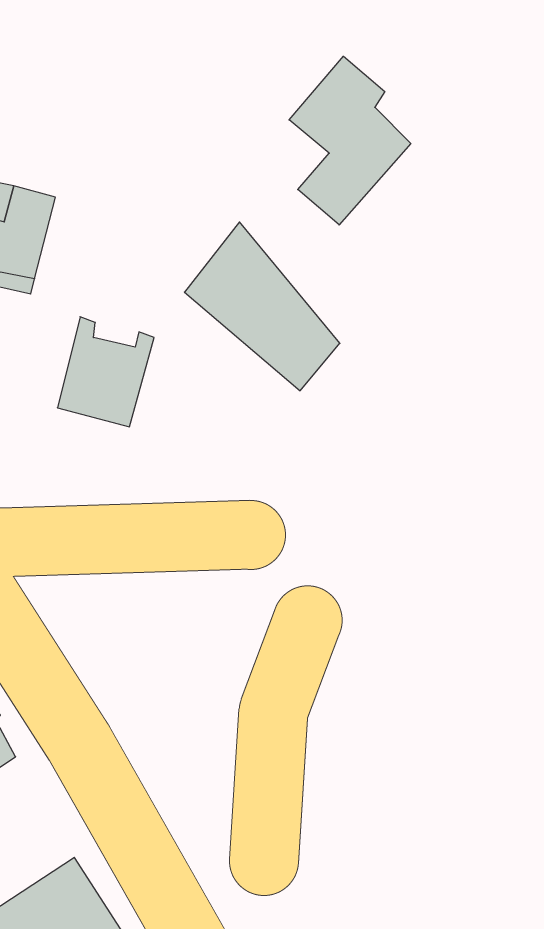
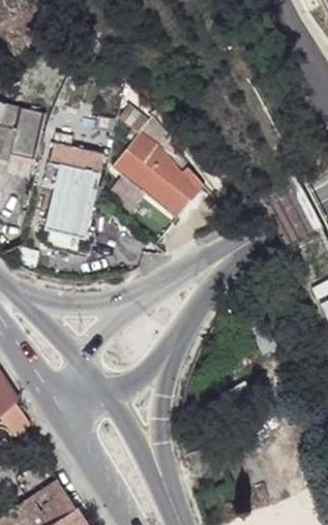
building: [289,56,411,225] -> none
building: none -> [50,134,108,198]

